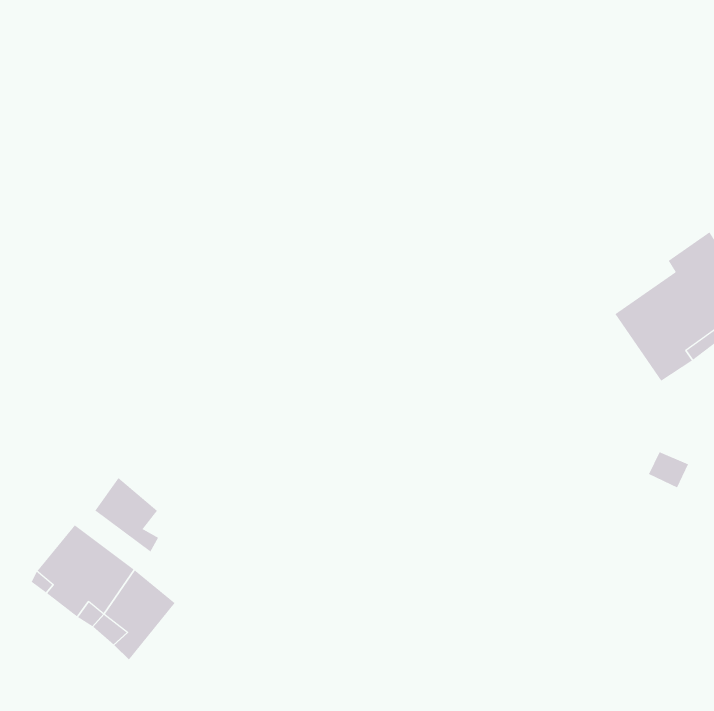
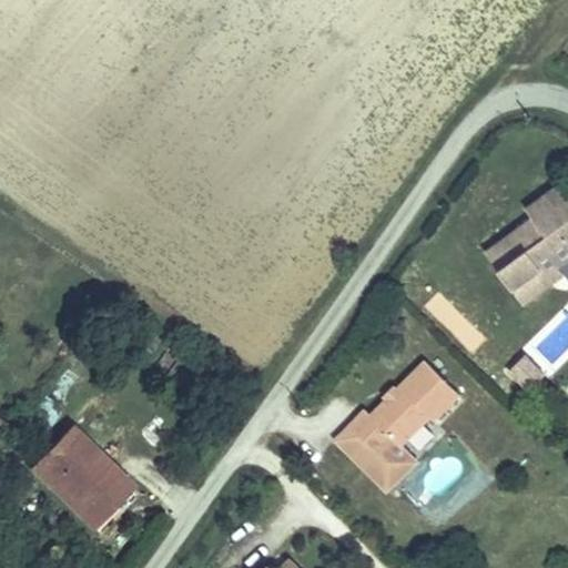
building: none -> [332,361,455,490]
building: [95,477,159,553] -> none

